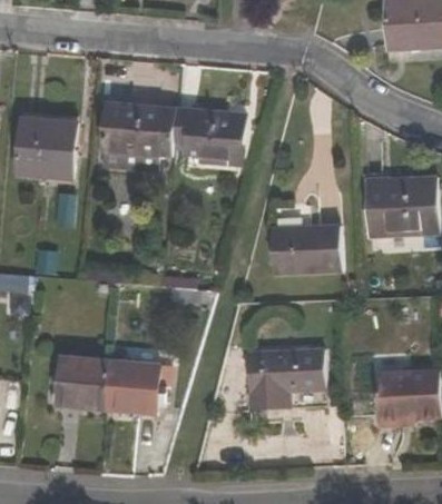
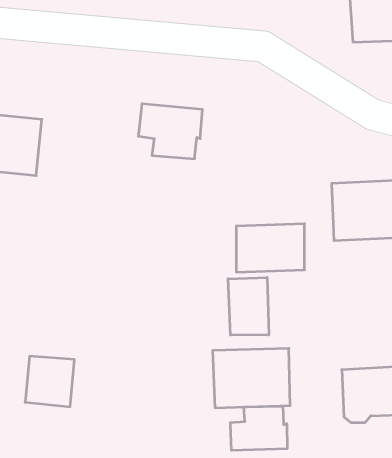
building: [102,102,176,157] -> none
building: none -> [228,277,269,335]
building: [105,362,163,413] -> none
building: none -> [230,406,287,450]

